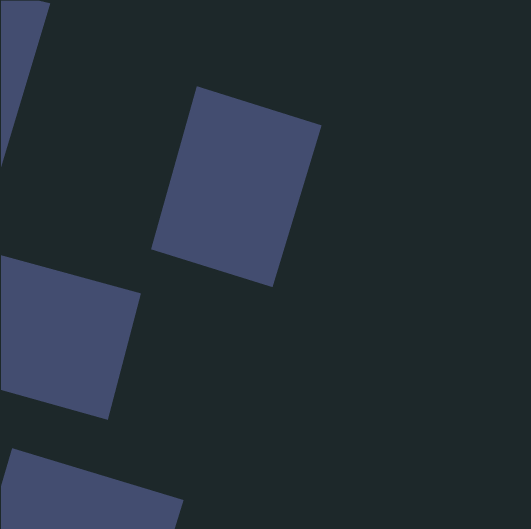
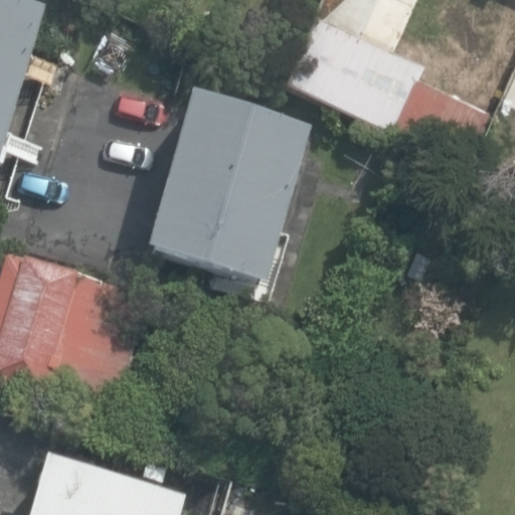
building: none -> [267,12,415,133]

